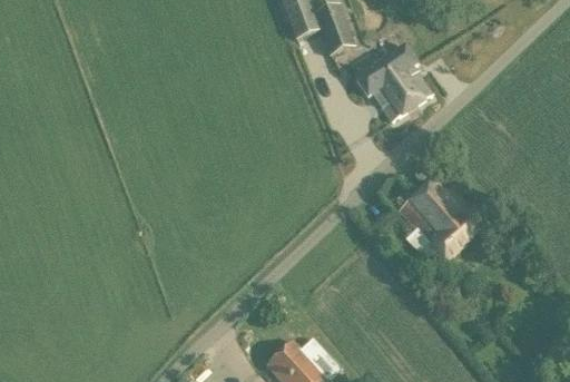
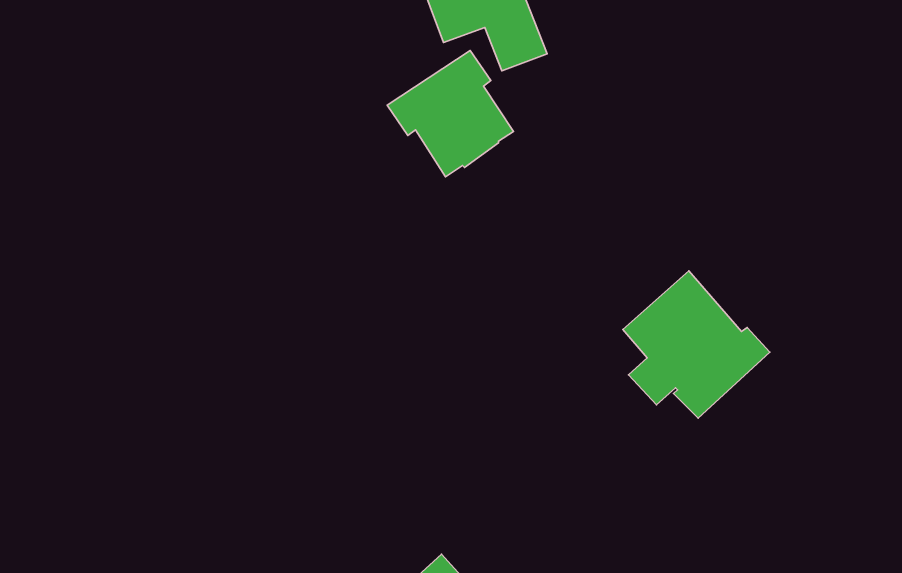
building: [356,46,431,120] -> [387,50,514,177]

